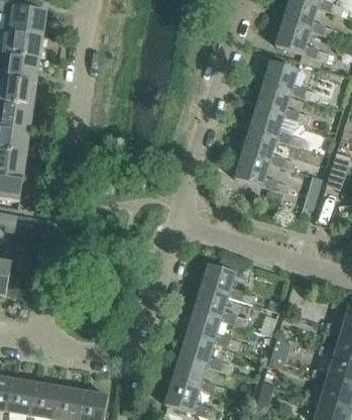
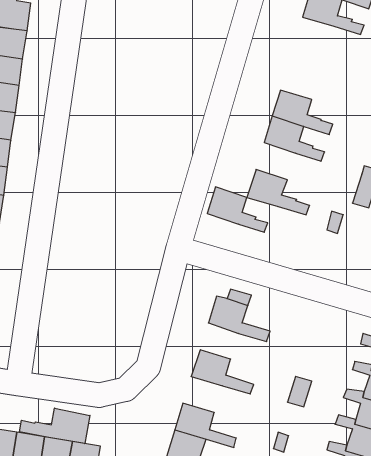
building: [275,21,328,61] -> none
building: [263,61,316,100] -> none
building: [242,130,295,170] -> [207,187,268,232]
building: [194,287,250,327] -> none
building: [179,333,233,372] -> none
building: none -> [20,408,90,444]

